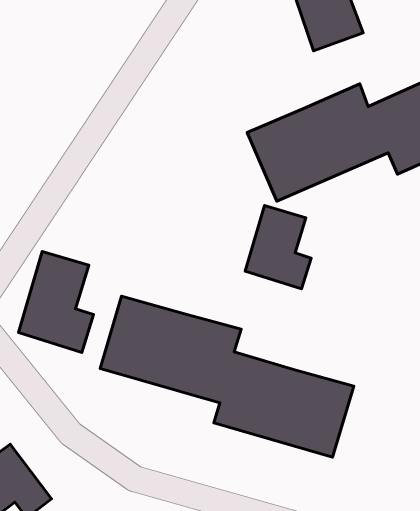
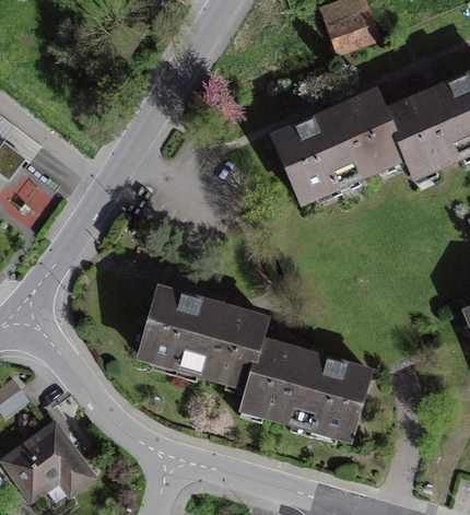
building: [245,205,311,289] -> none
building: [18,252,94,353] -> none

